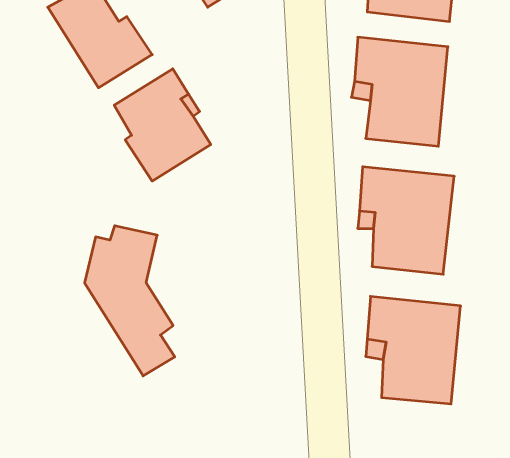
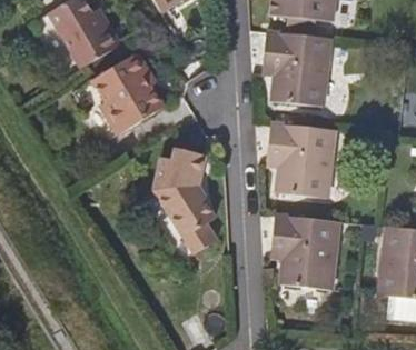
building: [85,226,175,376] -> [153,148,217,253]

